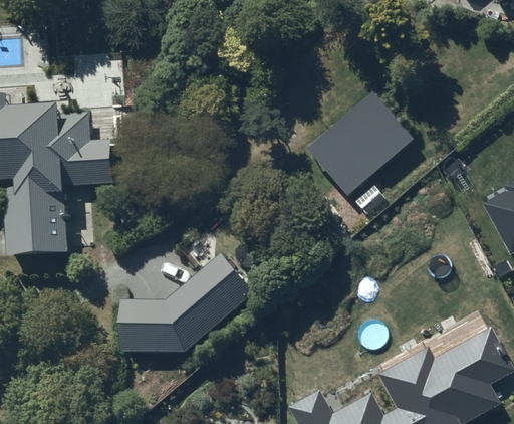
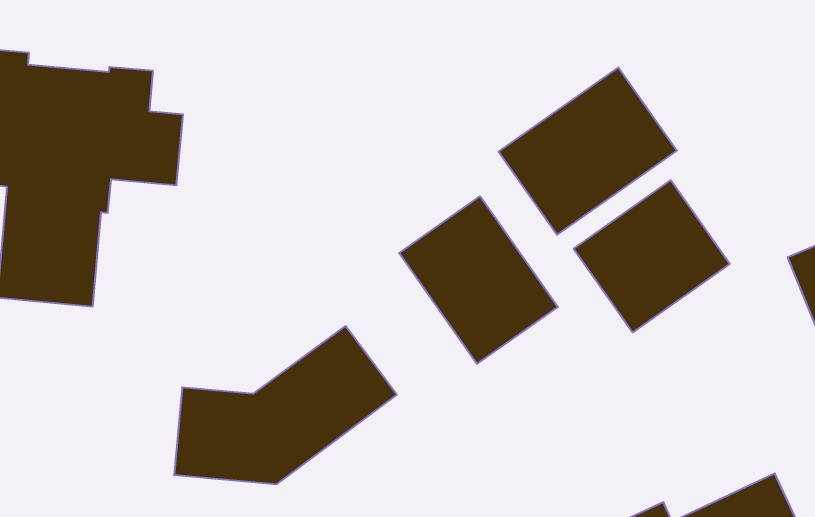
building: none -> [574,180,730,332]
building: none -> [399,196,558,364]

